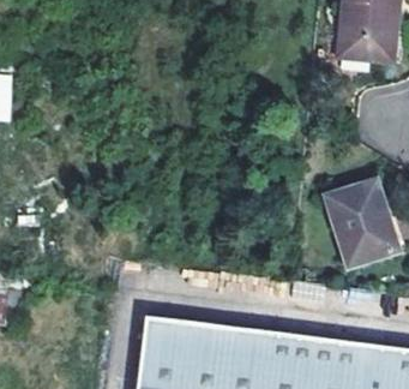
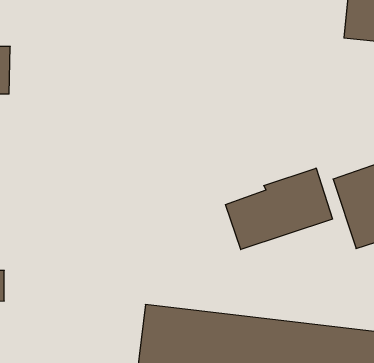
building: none -> [226,168,332,250]

